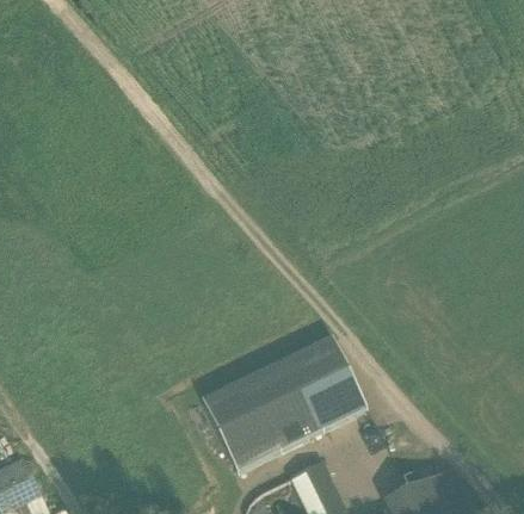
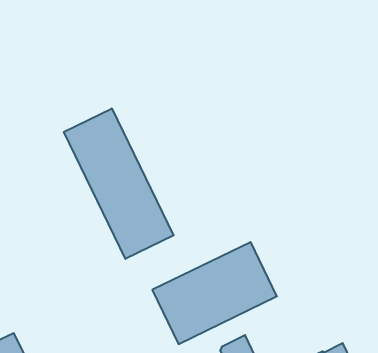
building: none -> [64,108,174,259]

